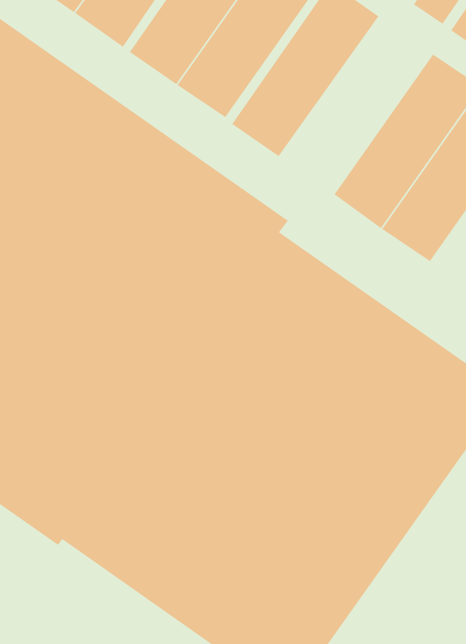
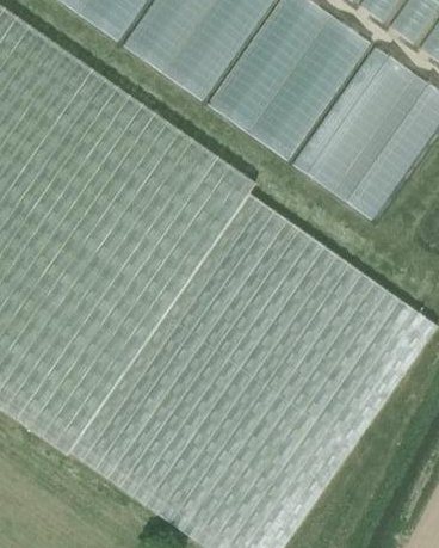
building: none -> [247,14,370,159]

